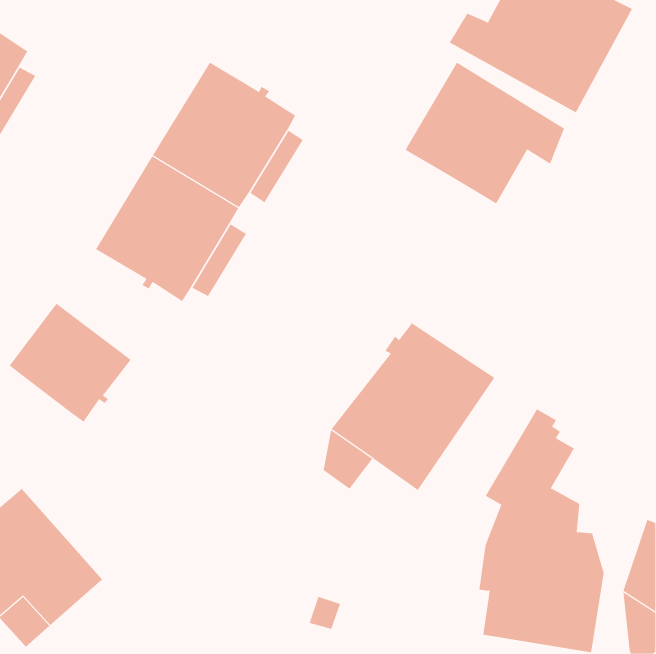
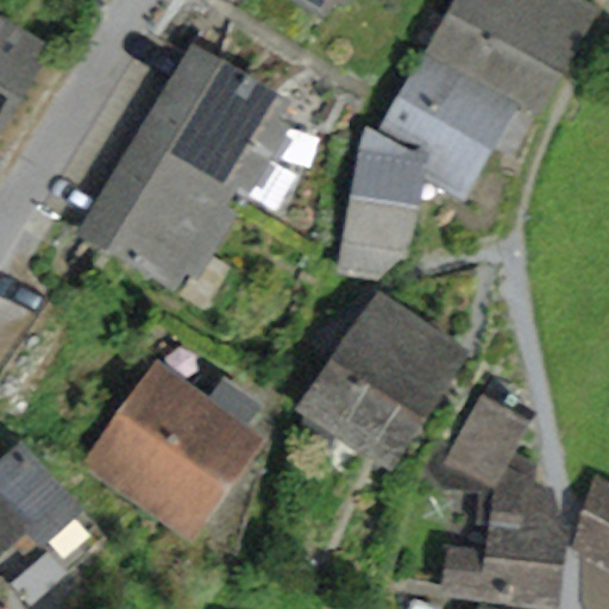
building: none -> [341,131,417,275]
building: [9,303,131,422] -> none
building: none -> [93,373,256,523]

